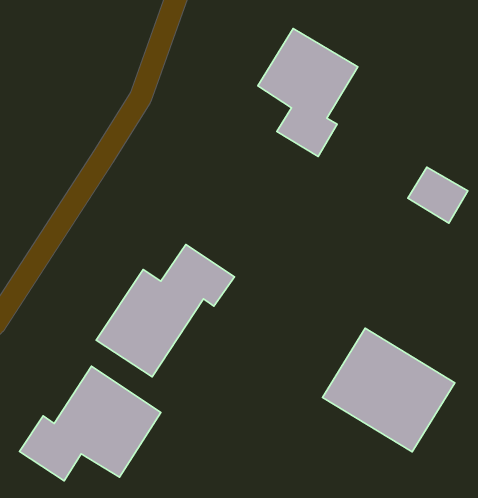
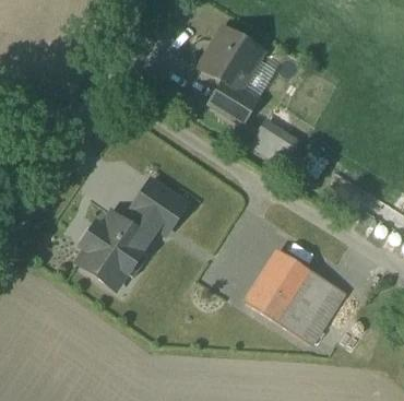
building: [408,167,468,223] -> [250,121,295,163]
building: [19,366,161,481] -> none

